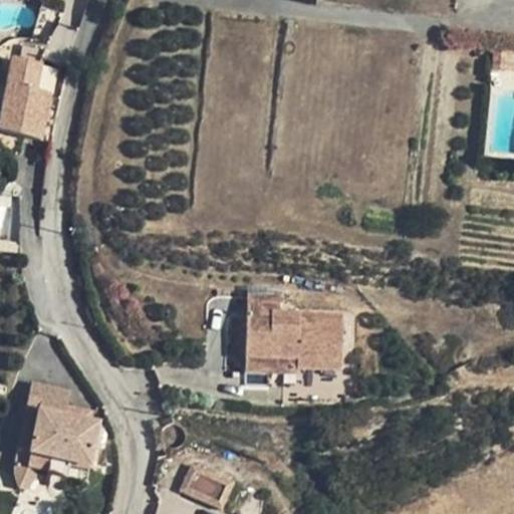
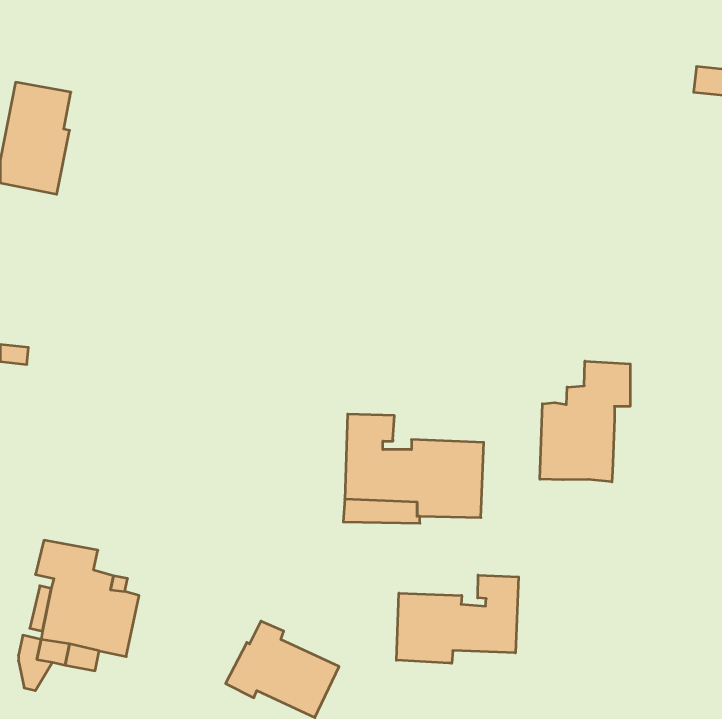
building: none -> [540,361,630,482]
building: none -> [396,575,519,663]

